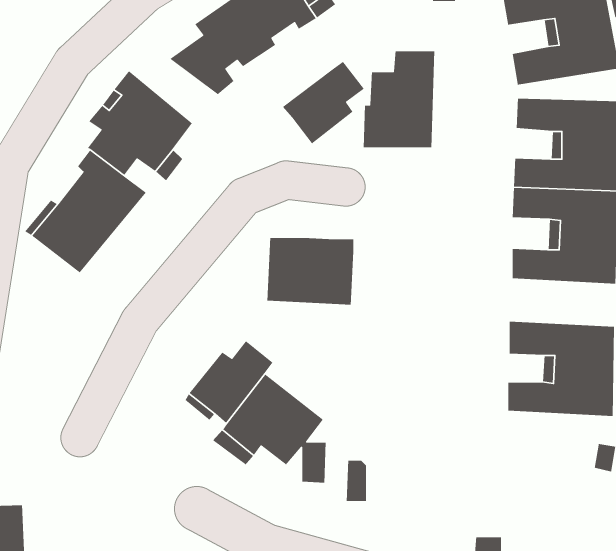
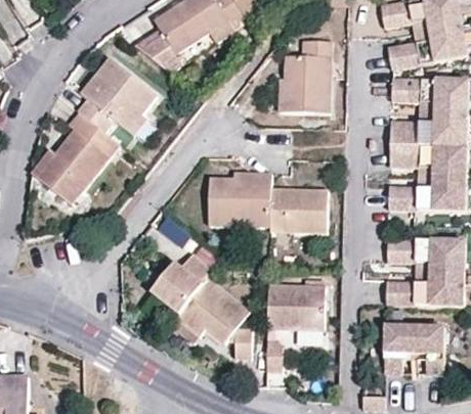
building: [282,61,365,144] -> none
building: none -> [270,187,327,232]
building: none -> [267,283,325,329]
building: none -> [382,326,443,377]

